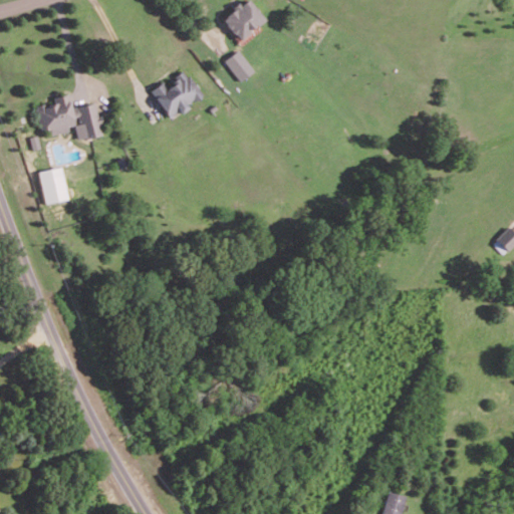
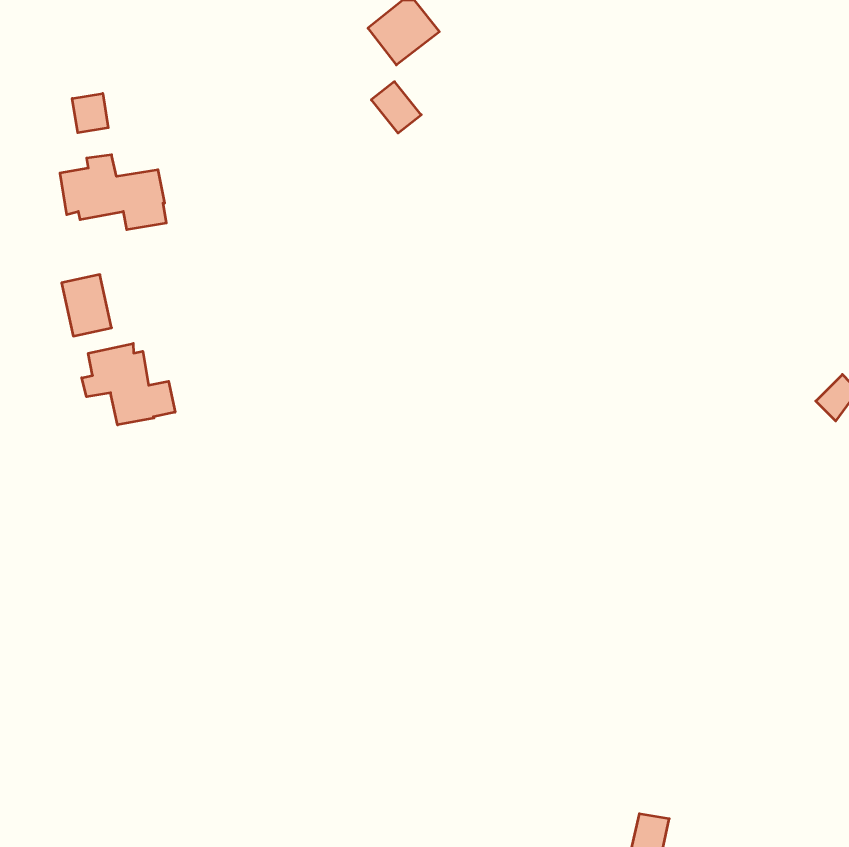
building: none -> [72,93,108,133]
building: [152,70,203,118] -> none
building: none -> [82,343,175,425]

